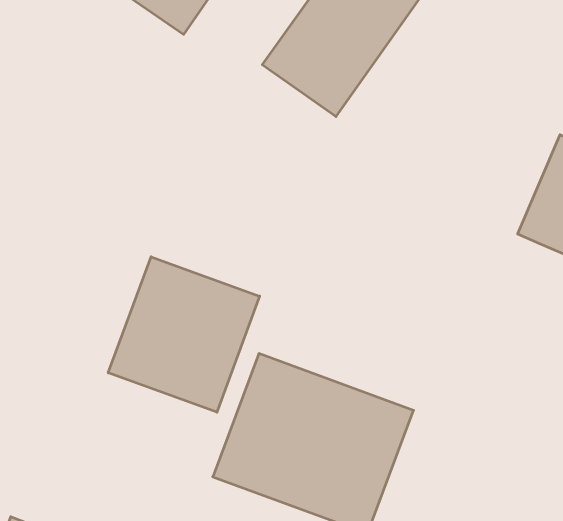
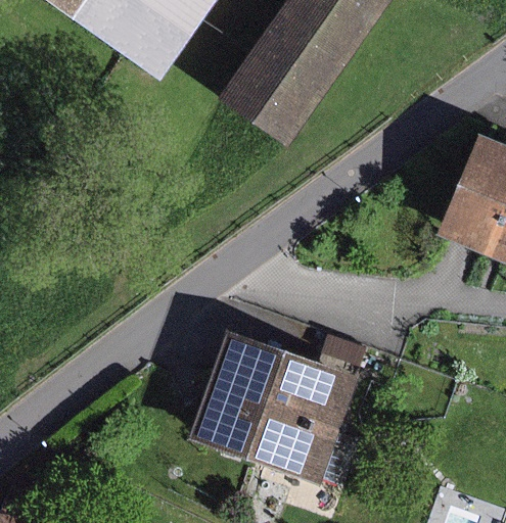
building: [108,257,260,412] -> none

